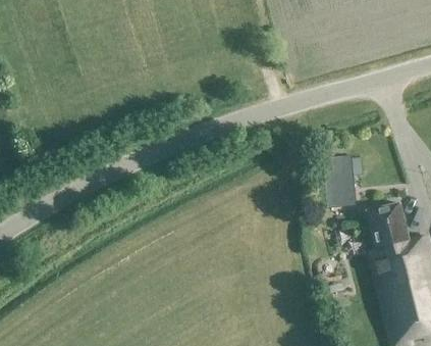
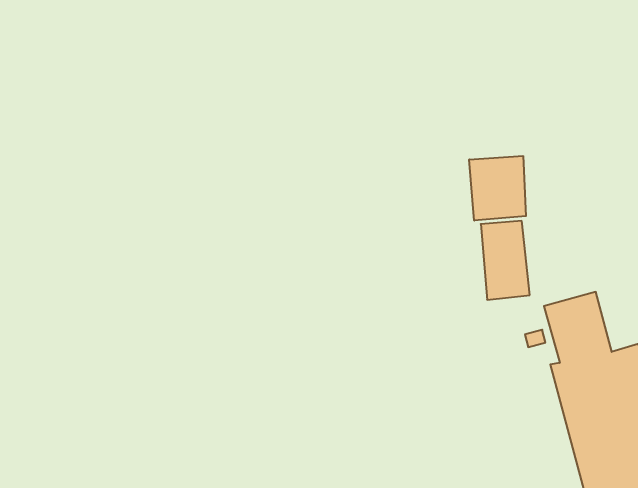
building: none -> [469,156,526,221]

